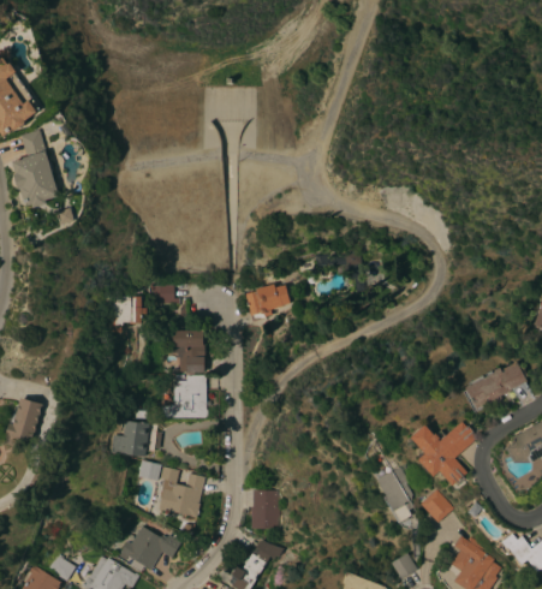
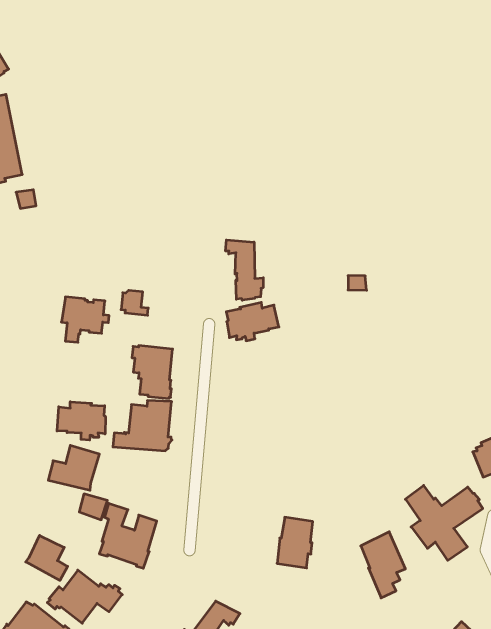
building: none -> [226,240,263,300]
building: none -> [57,402,105,440]
building: [250,489,278,530] -> [277,517,313,568]
building: [421,489,453,523] -> none
building: none -> [26,535,68,580]

